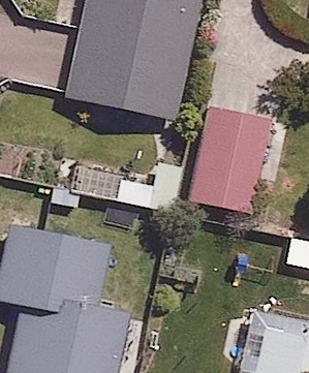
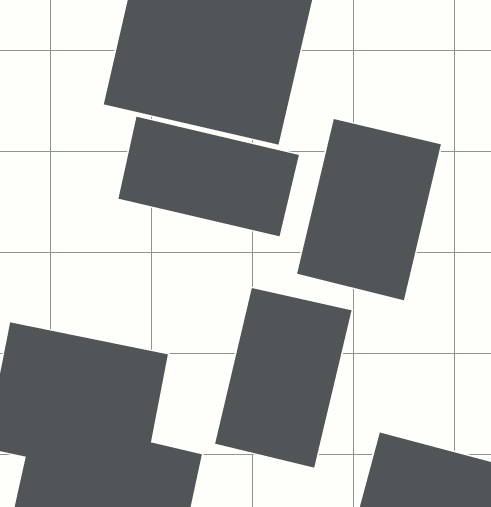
building: none -> [118,116,300,237]
building: none -> [214,287,352,468]

